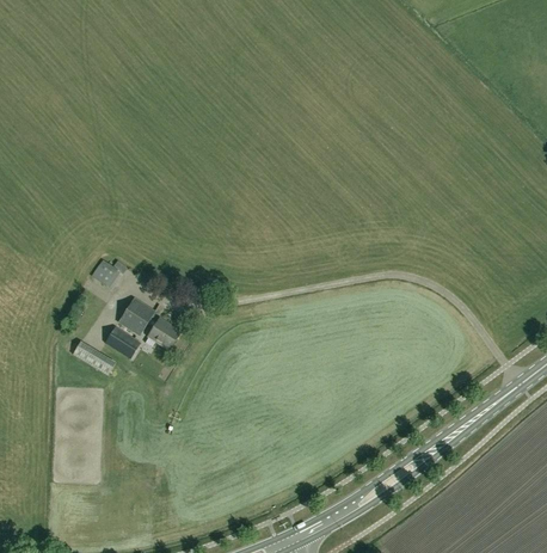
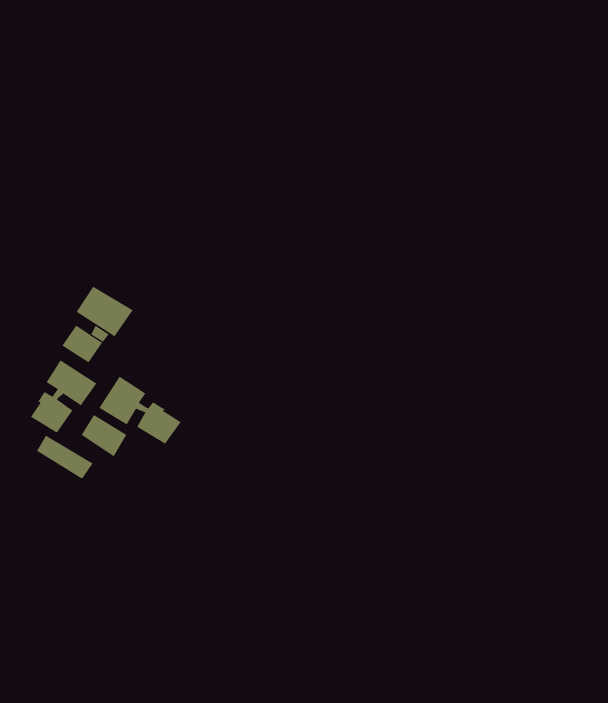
building: none -> [76,286,134,337]
building: none -> [30,360,97,433]

